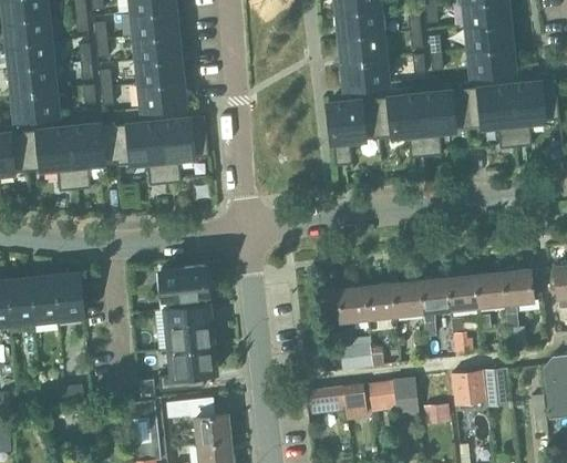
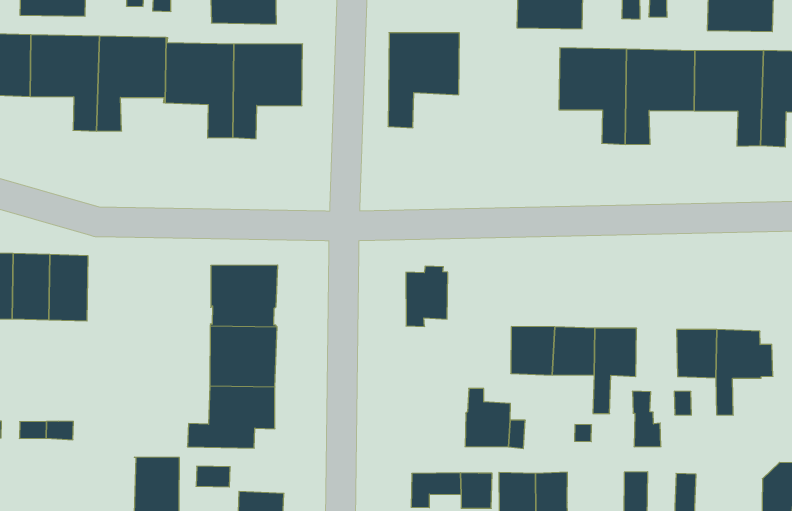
building: [328,97,379,165] -> [388,33,459,128]
building: [447,275,478,309] -> none
building: [337,282,368,325] -> [406,266,448,326]

